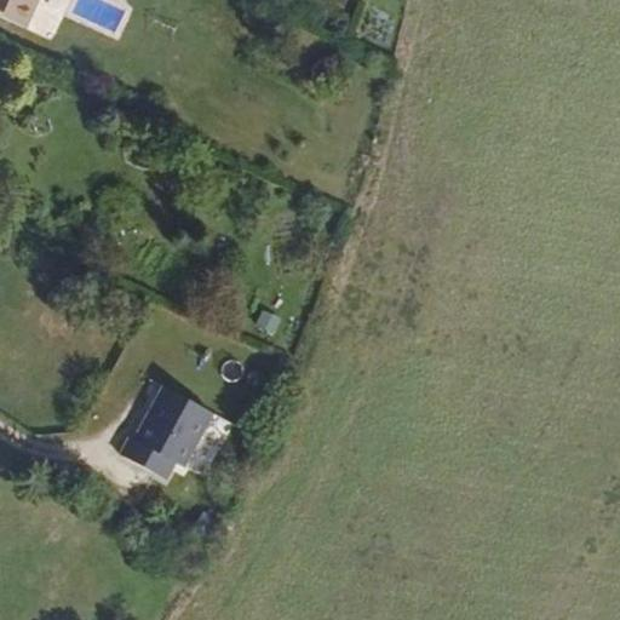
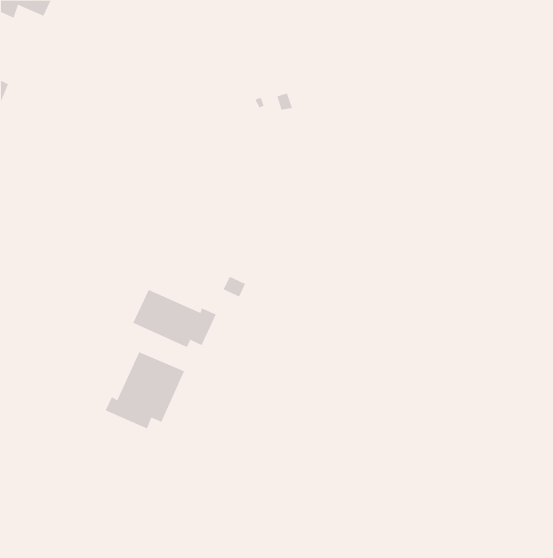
building: none -> [132,289,217,348]

